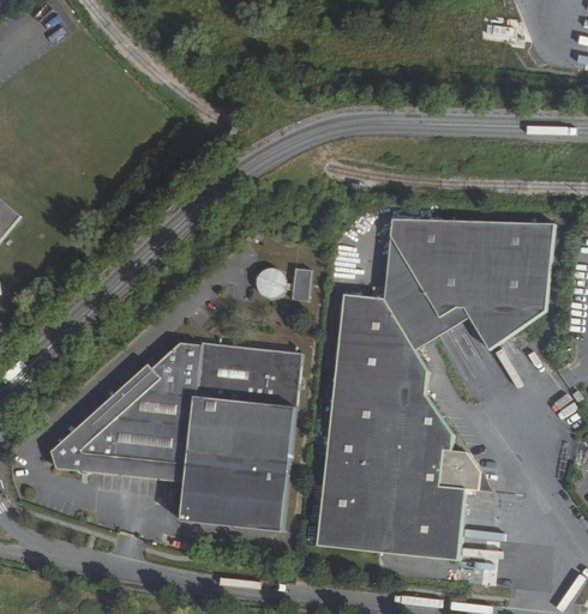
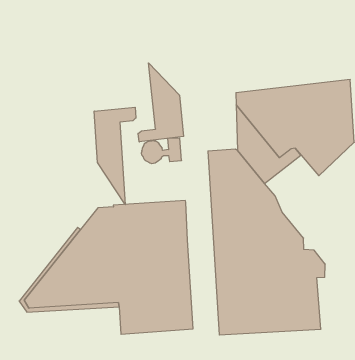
building: none -> [138,63,184,142]
building: none -> [94,107,136,205]

